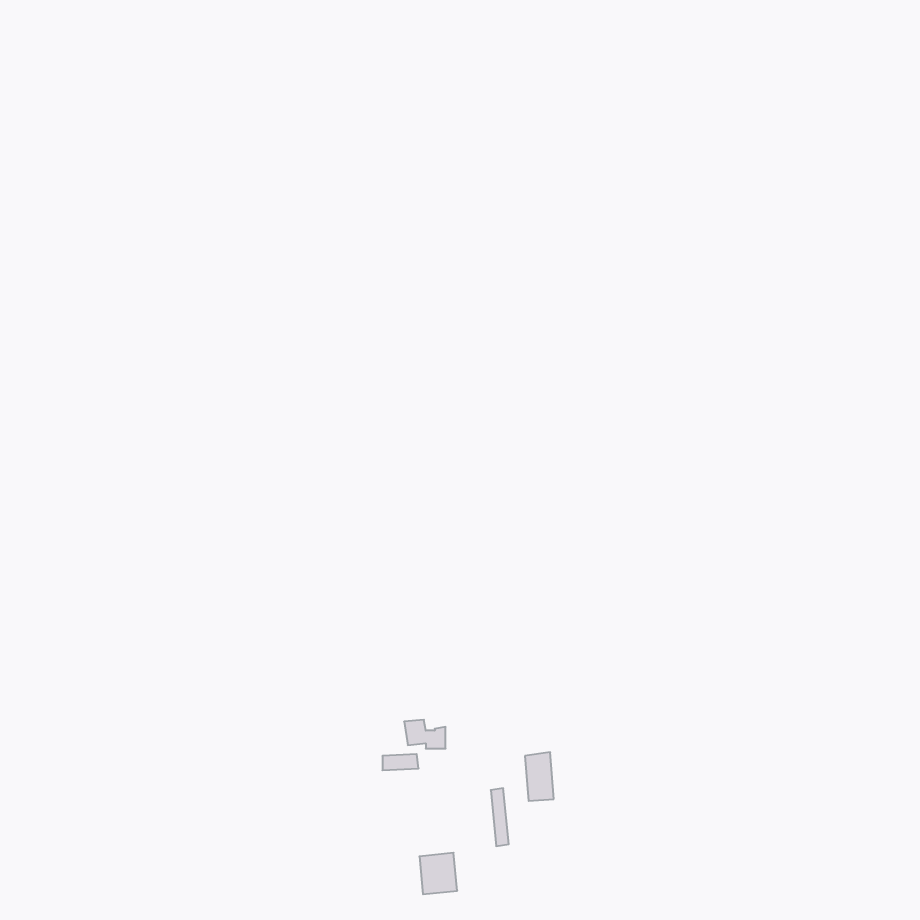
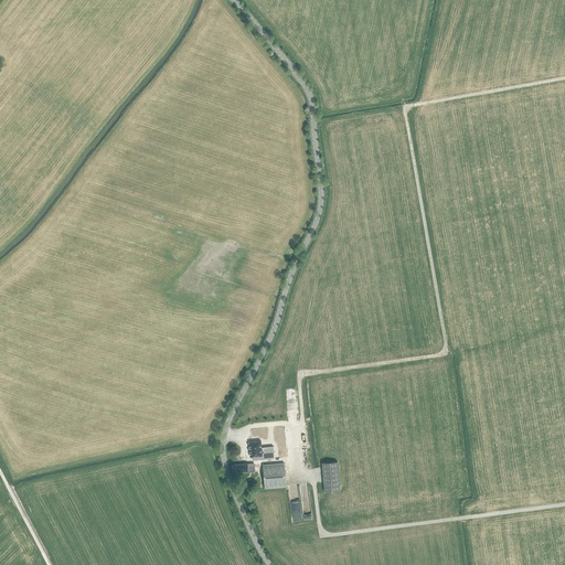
building: [419,853,457,894] -> [262,462,285,488]

